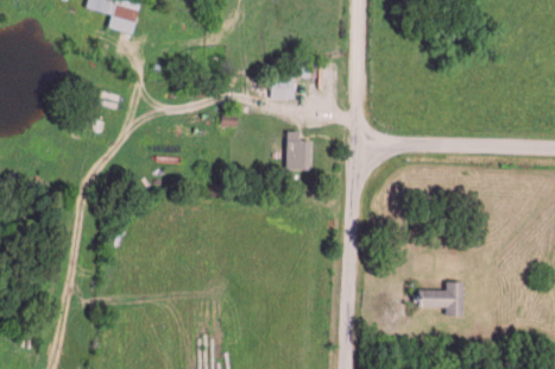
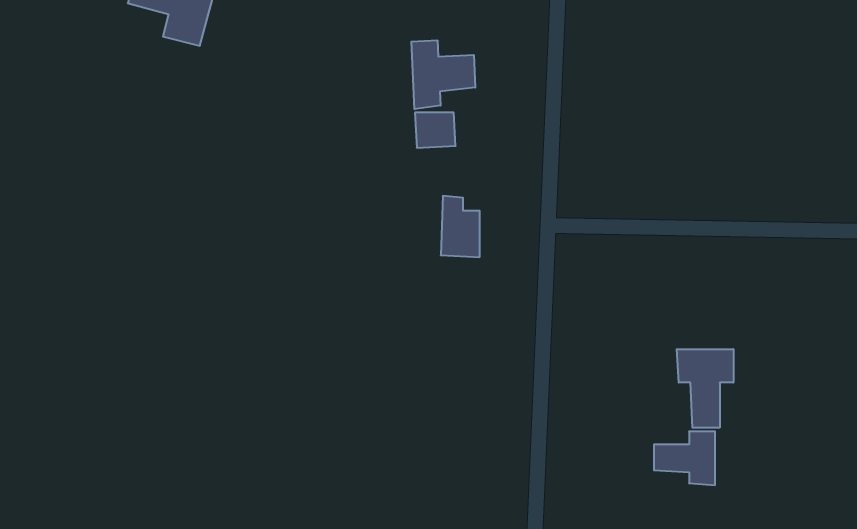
building: none -> [411,40,475,109]
building: none -> [677,349,733,428]

